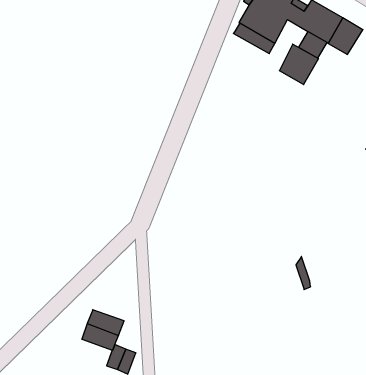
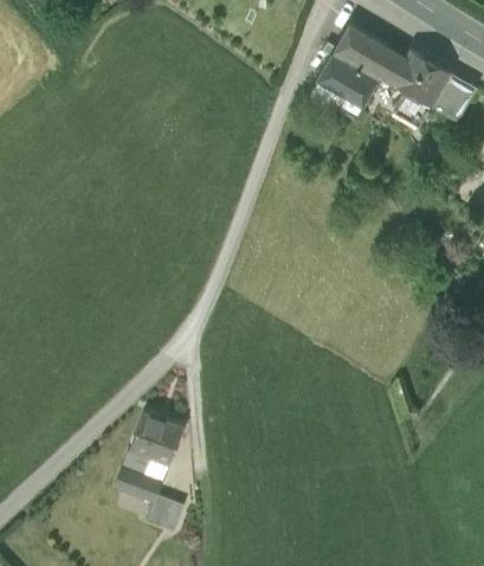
building: [279,44,318,85] -> none
building: none -> [129,412,183,464]

